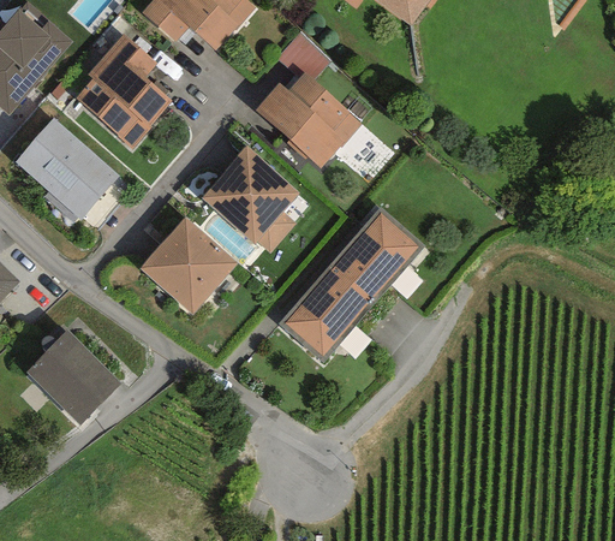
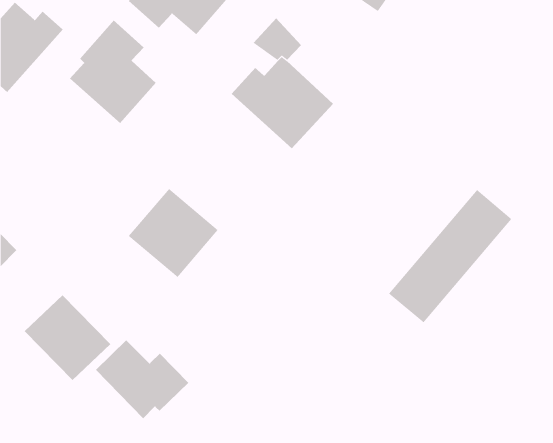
building: [17,118,120,219] -> none
building: [199,148,295,251] -> none
building: [282,215,417,361] -> [388,189,512,323]
building: none -> [95,339,189,419]

